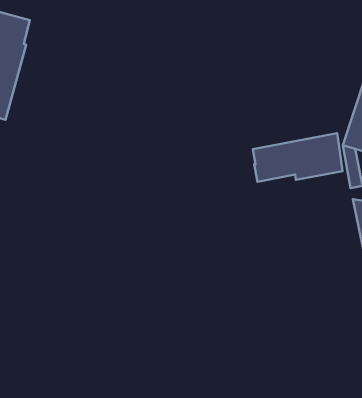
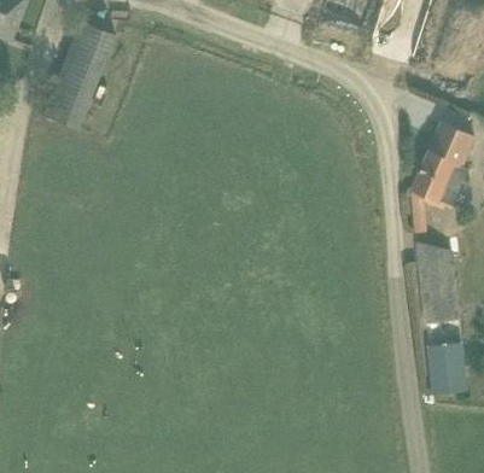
building: [253,133,343,182] -> none

